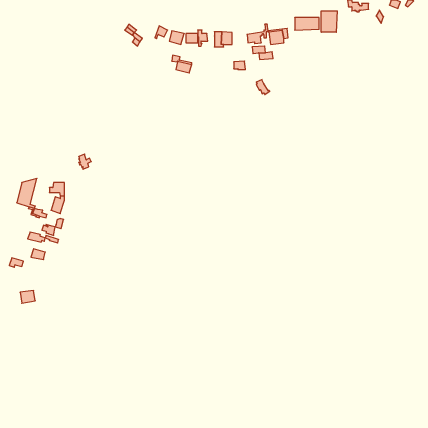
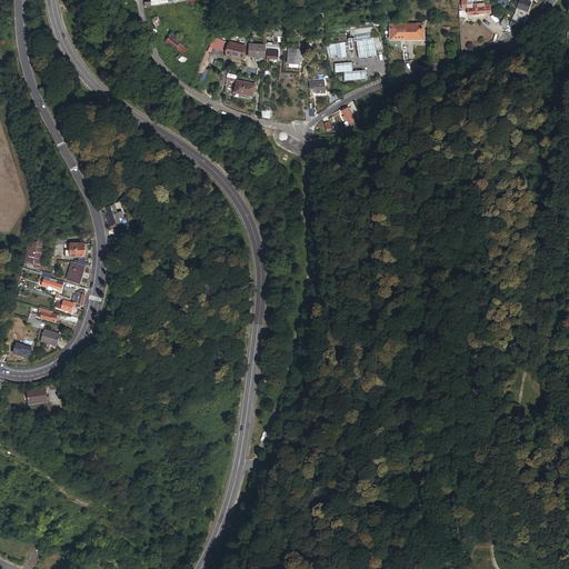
building: [321,11,337,32] -> none

